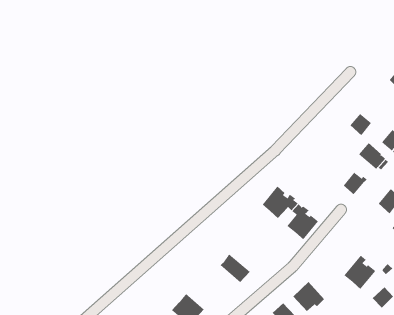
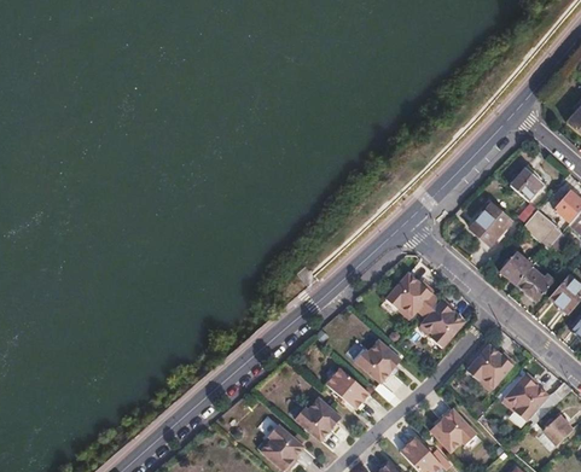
building: none -> [470,204,510,244]
building: none -> [516,266,554,301]
building: none -> [354,339,401,383]
building: none -> [466,340,515,387]
building: none -> [295,396,341,439]

